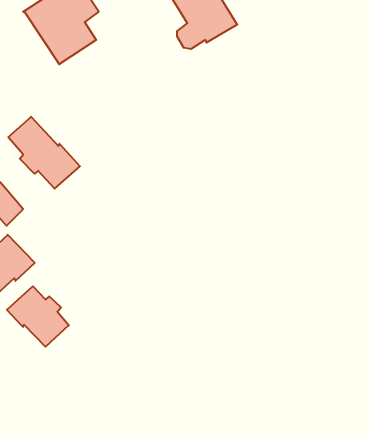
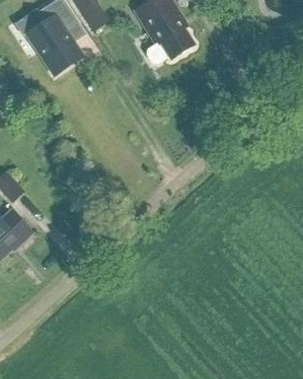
building: [8,117,80,189] -> none
building: [7,286,69,347] -> none

